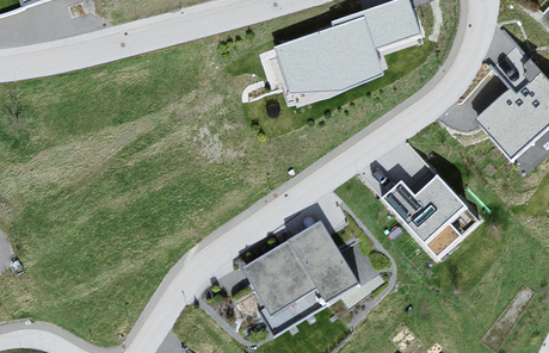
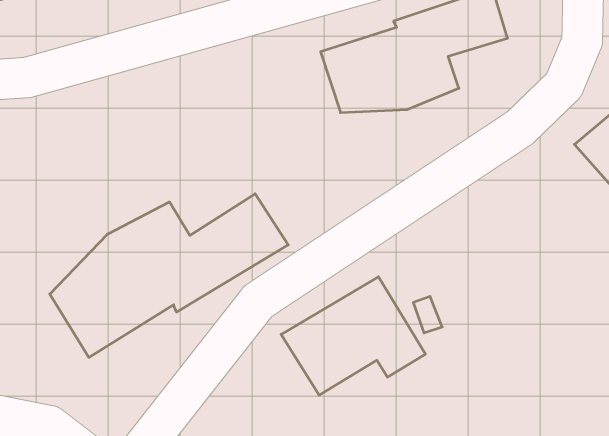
building: none -> [50,194,288,357]
building: [382,174,467,258] -> none

